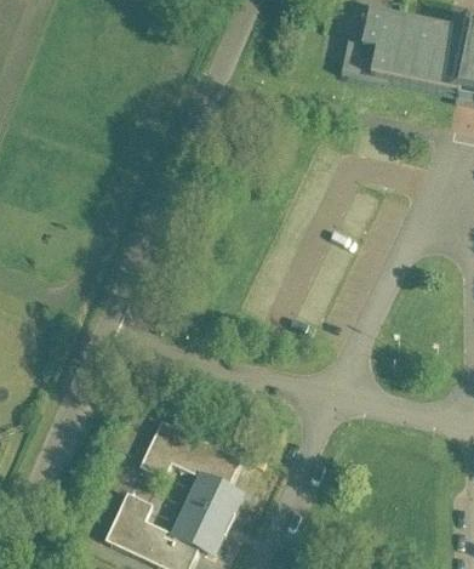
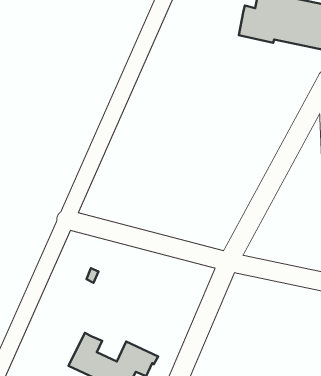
building: [139,419,241,524] -> none

